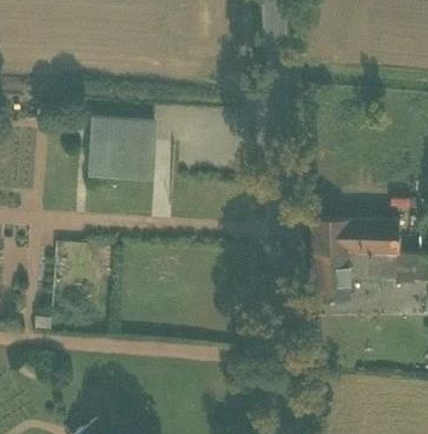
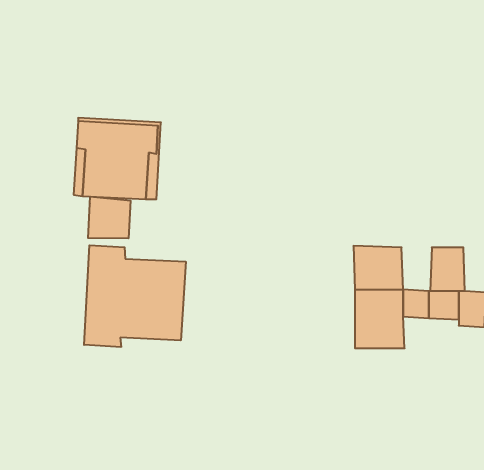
building: none -> [88,197,131,238]
building: none -> [84,245,186,347]
building: [349,218,373,253] -> none

